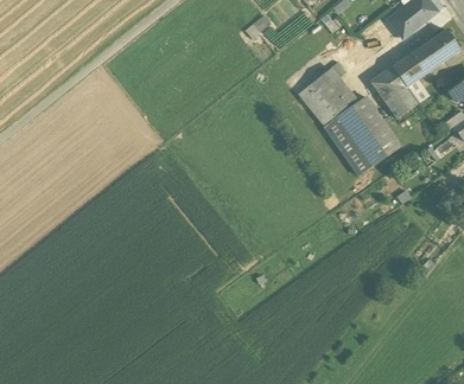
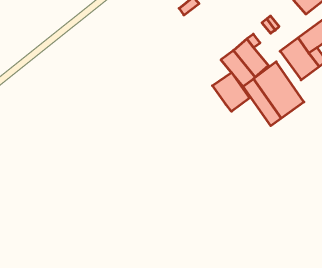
building: none -> [212,73,249,111]

